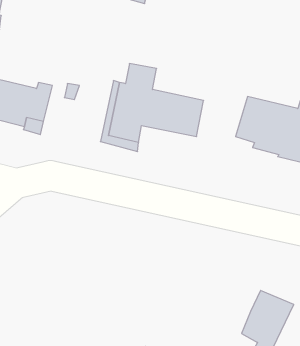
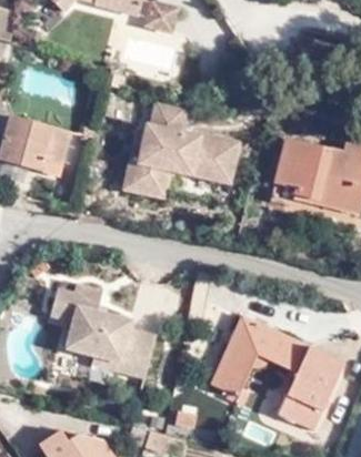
building: none -> [52,278,156,379]
building: none -> [205,322,301,400]

